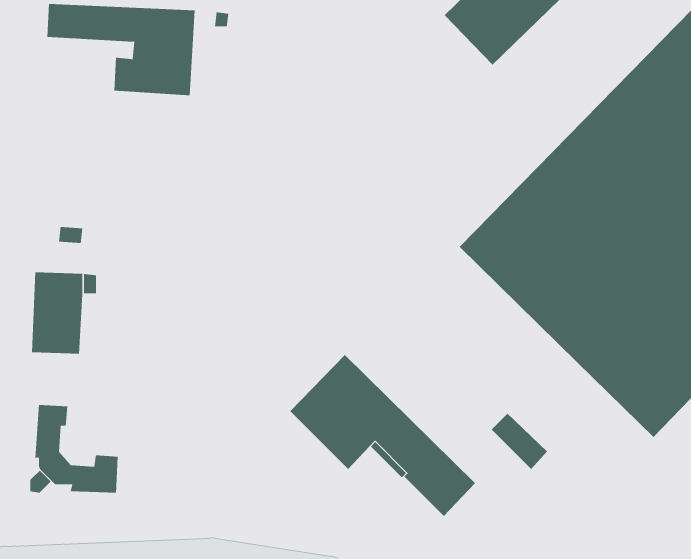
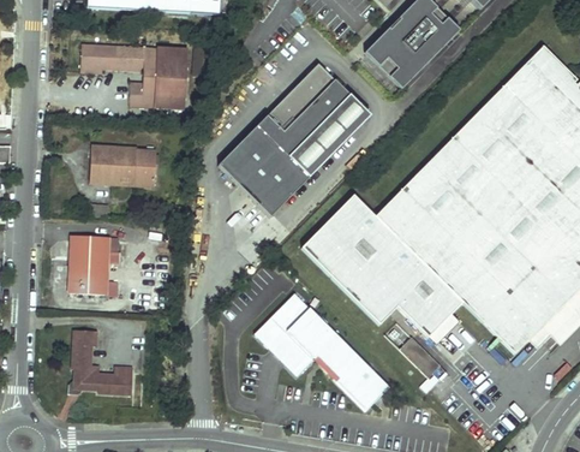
building: none -> [217,63,371,215]
building: none -> [90,144,157,184]
building: none -> [300,192,461,333]

